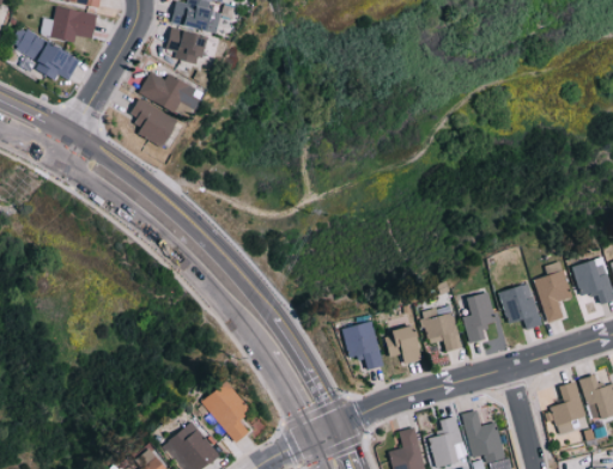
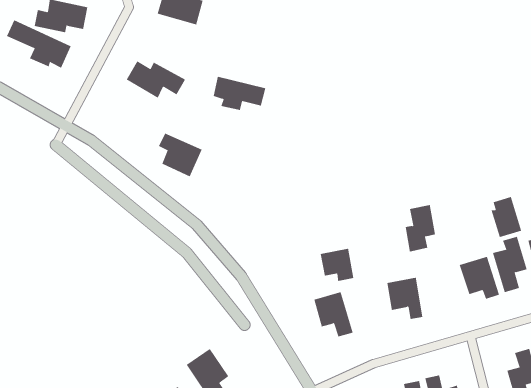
building: [166,26,224,63] -> [213,76,266,111]
building: [131,99,178,147] -> [158,133,202,177]
building: none -> [491,196,522,238]
building: [462,292,496,343] -> [405,205,436,252]
building: [386,327,423,363] -> [320,248,354,282]

